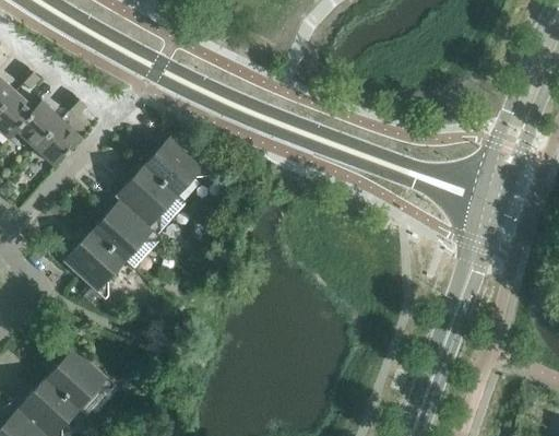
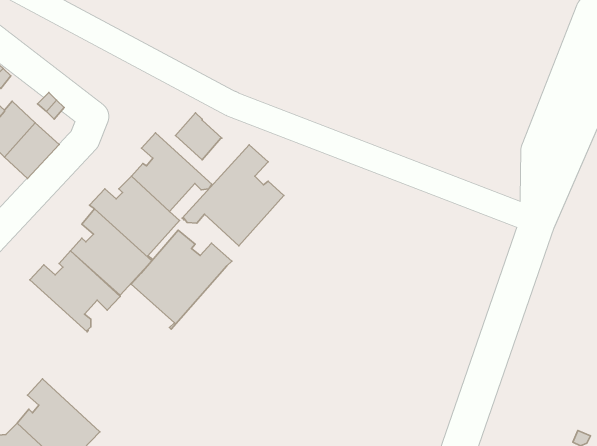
building: none -> [176,113,222,160]
building: none -> [182,145,284,246]
building: none -> [131,230,232,329]

